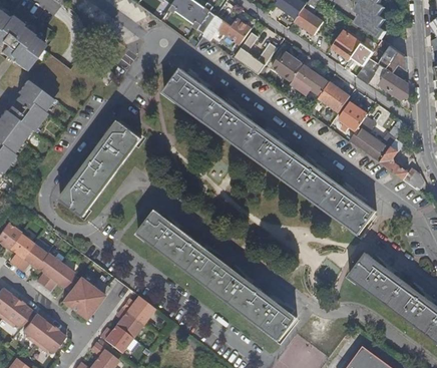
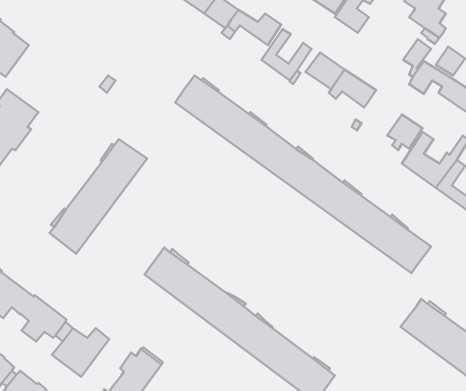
building: [331,31,360,60] -> none
building: [318,81,349,112] -> none

